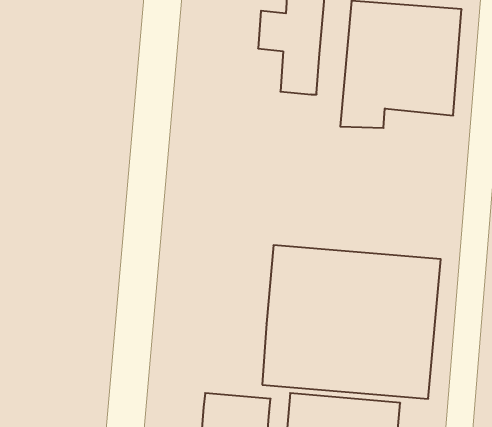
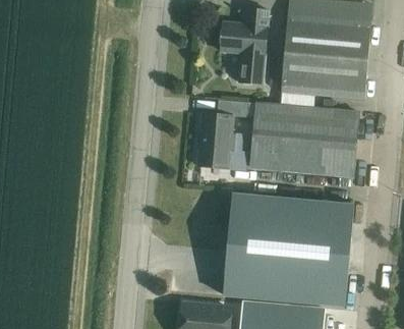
building: none -> [197,100,358,175]

